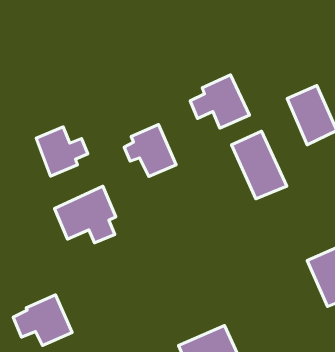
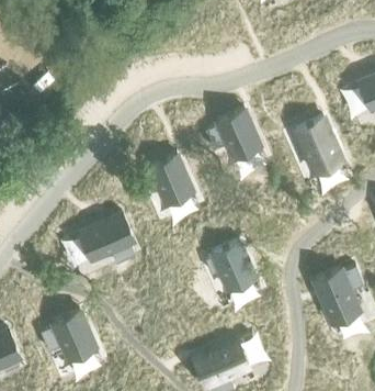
building: [36,127,88,176] -> none
building: [231,131,287,199] -> none
building: none -> [206,242,255,291]

